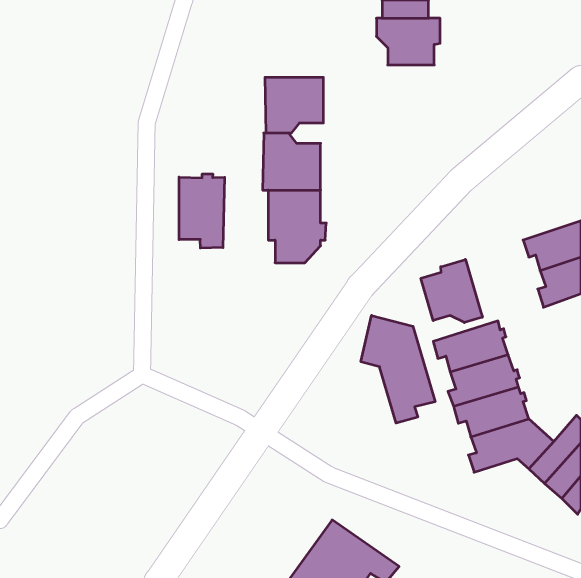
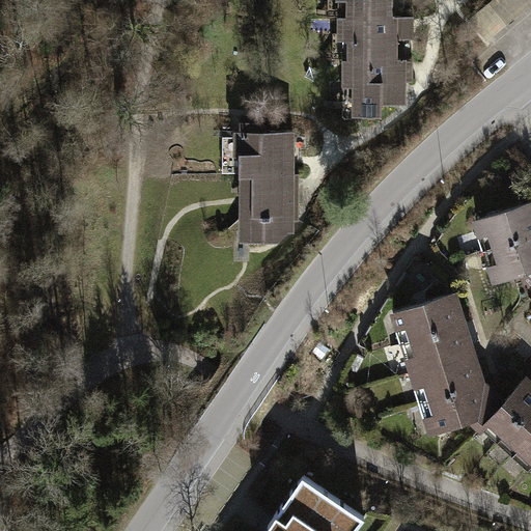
building: none -> [348,62,401,114]
building: [265,77,323,133] -> none
building: [179,174,225,248] -> none
building: [421,259,482,323] -> none
building: [361,315,435,423] -> none

